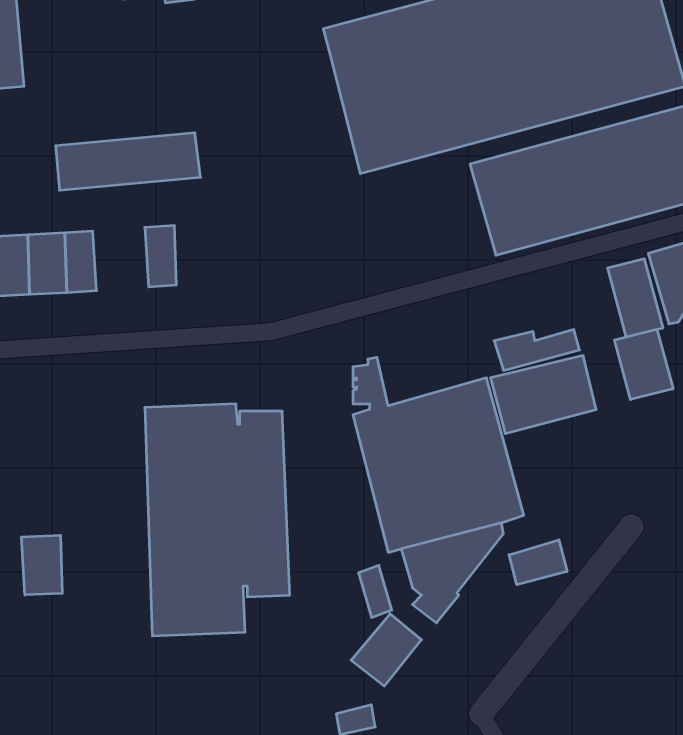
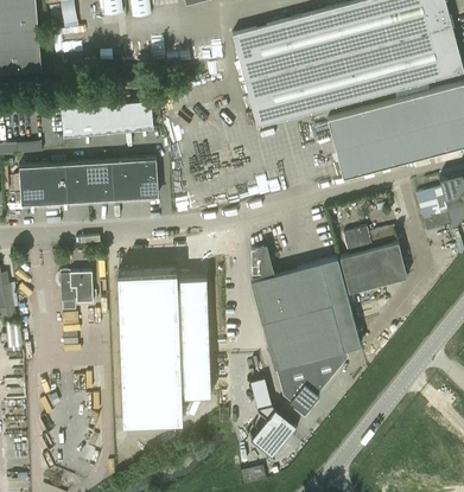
building: none -> [138,159,159,198]
building: none -> [85,161,121,202]
building: [614,329,673,400] -> none
building: none -> [59,273,93,303]
building: [22,535,62,595] -> none
building: [509,540,567,585] -> none

